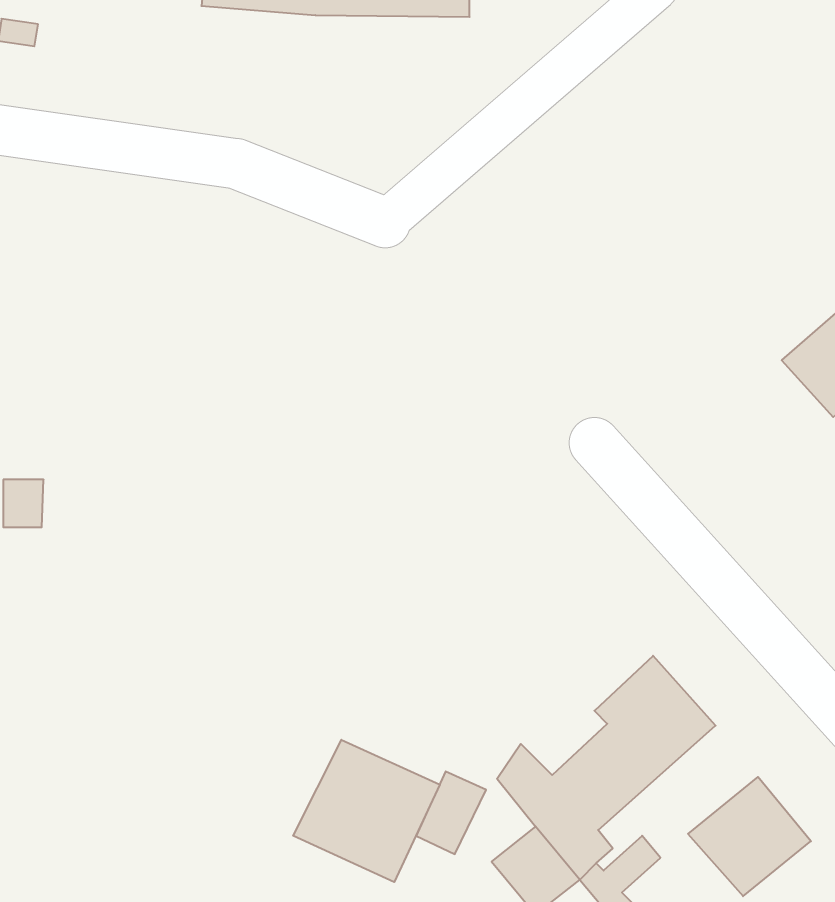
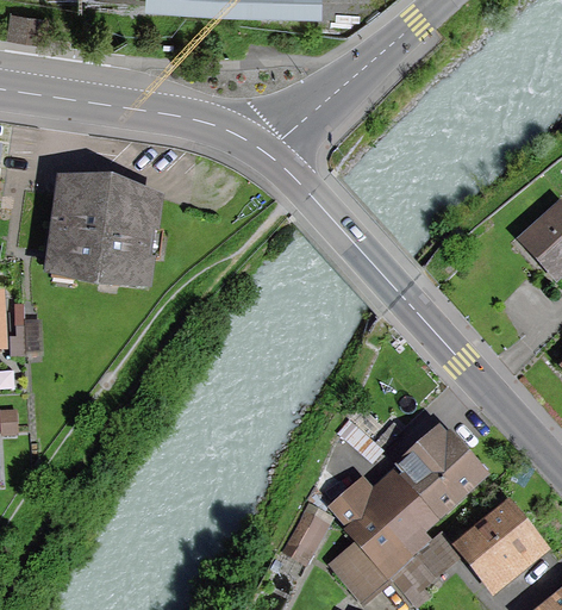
building: none -> [49,179,155,280]
building: [293,740,440,882] -> none

